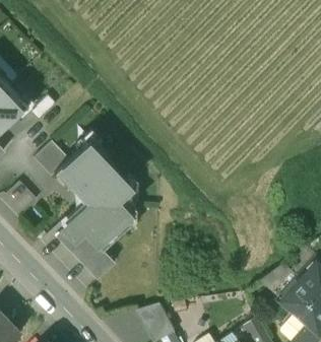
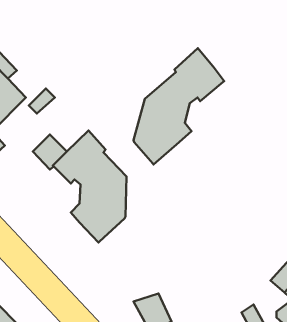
building: none -> [134,48,224,165]
building: [56,229,116,281] -> none

